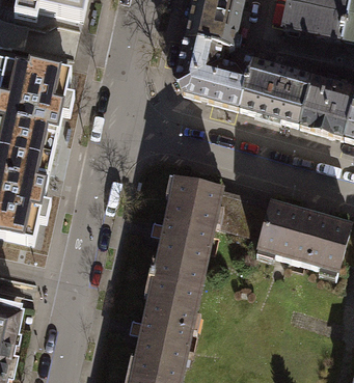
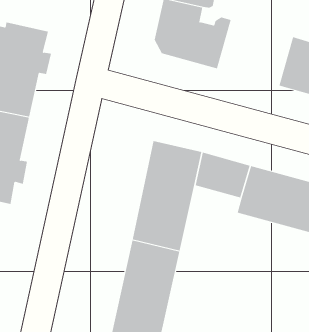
building: [238,59,311,124] -> none

